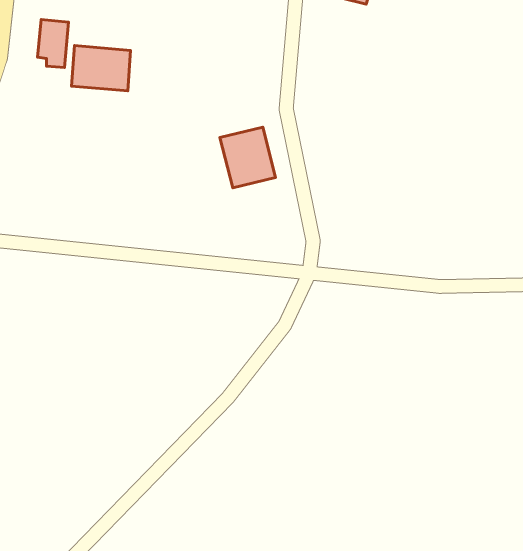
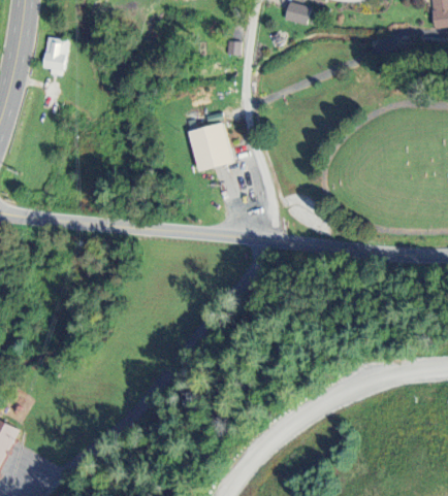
building: [72,46,131,91] -> none

